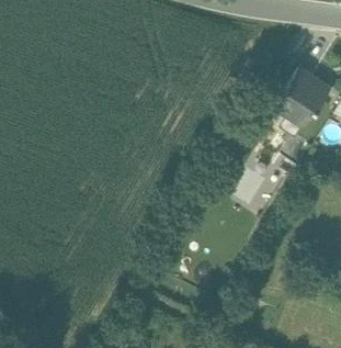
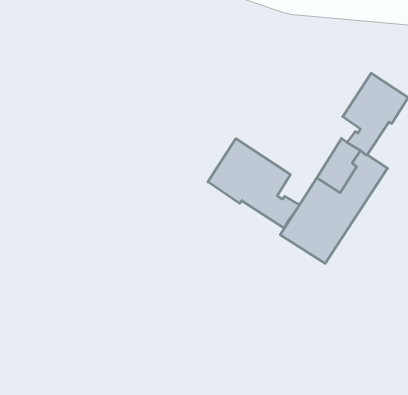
building: none -> [208,139,300,228]

